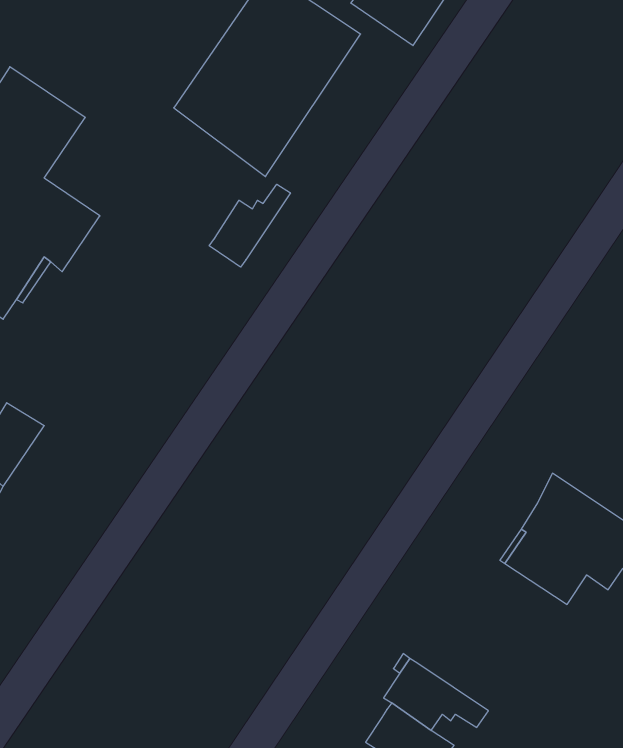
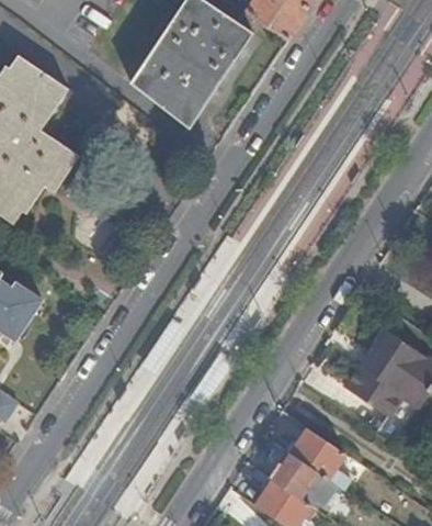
building: [209,184,290,267] -> none
building: none -> [291,429,351,490]

